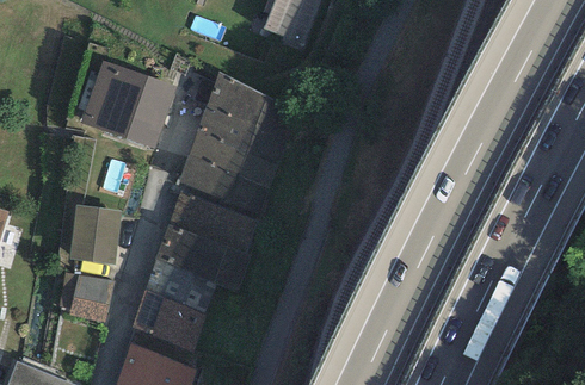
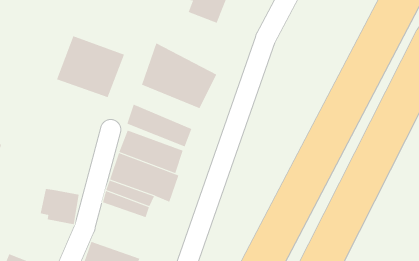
building: [186,129,278,190] -> none
building: [68,204,121,265] -> none
building: [129,291,204,349] -> none

